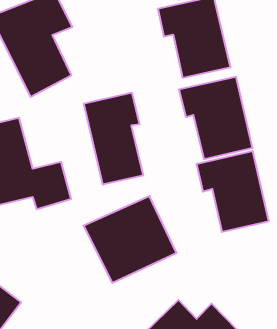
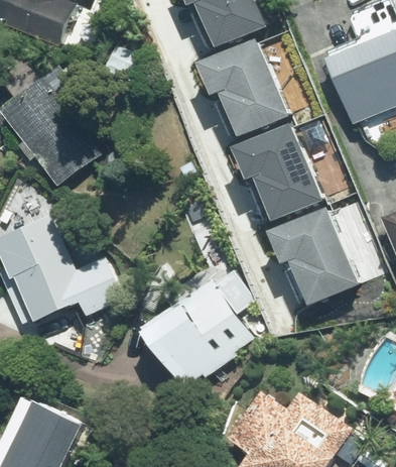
building: [84,93,143,185] -> none

